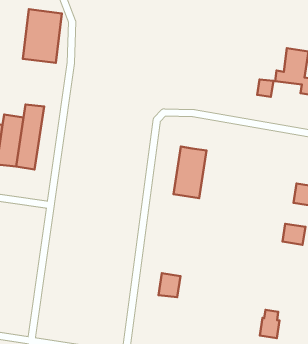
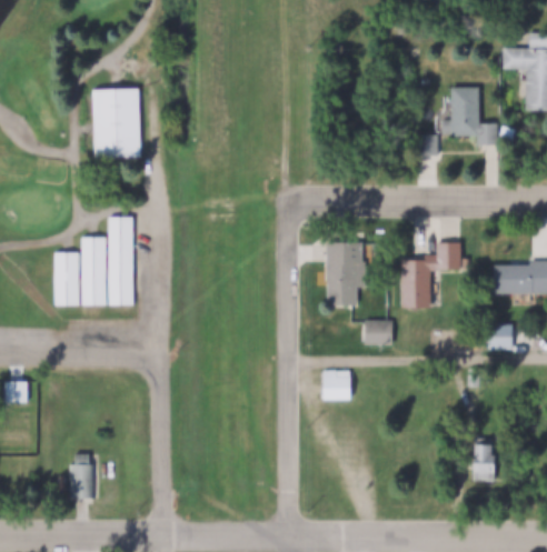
building: none -> [396,243,460,312]
building: none -> [361,320,394,343]
building: [158,273,180,297] -> [325,369,350,399]

